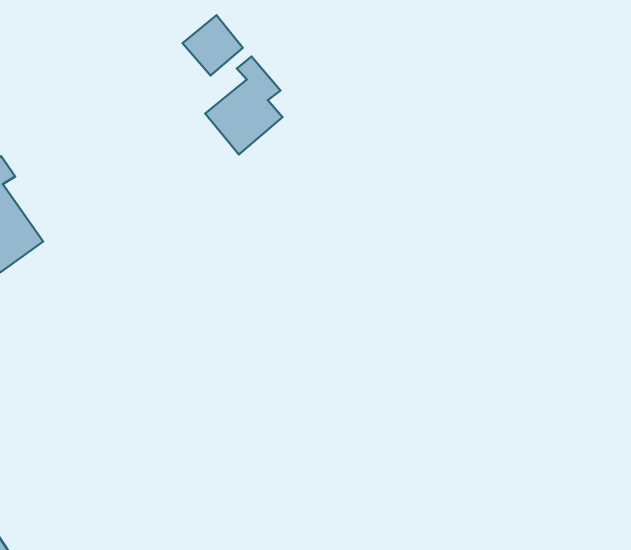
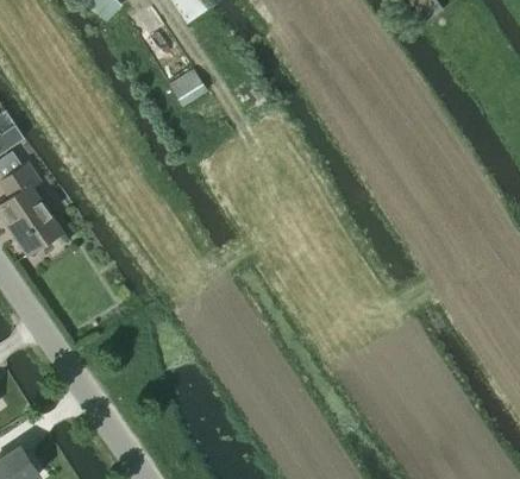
building: [205,57,282,154] -> none

